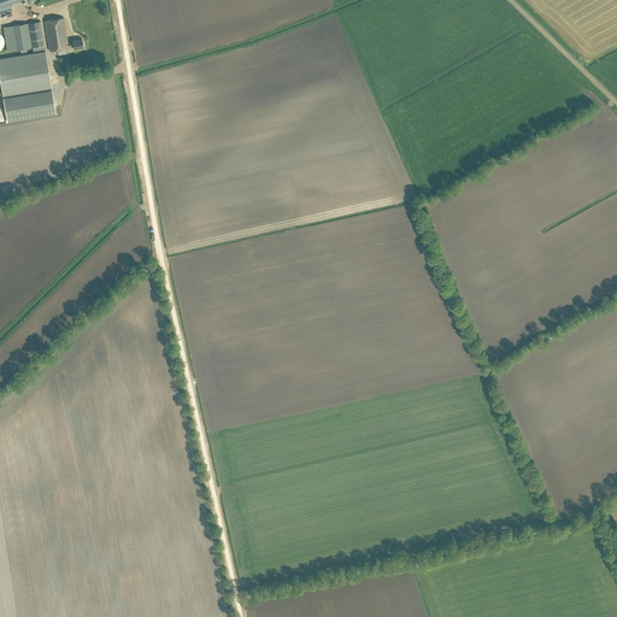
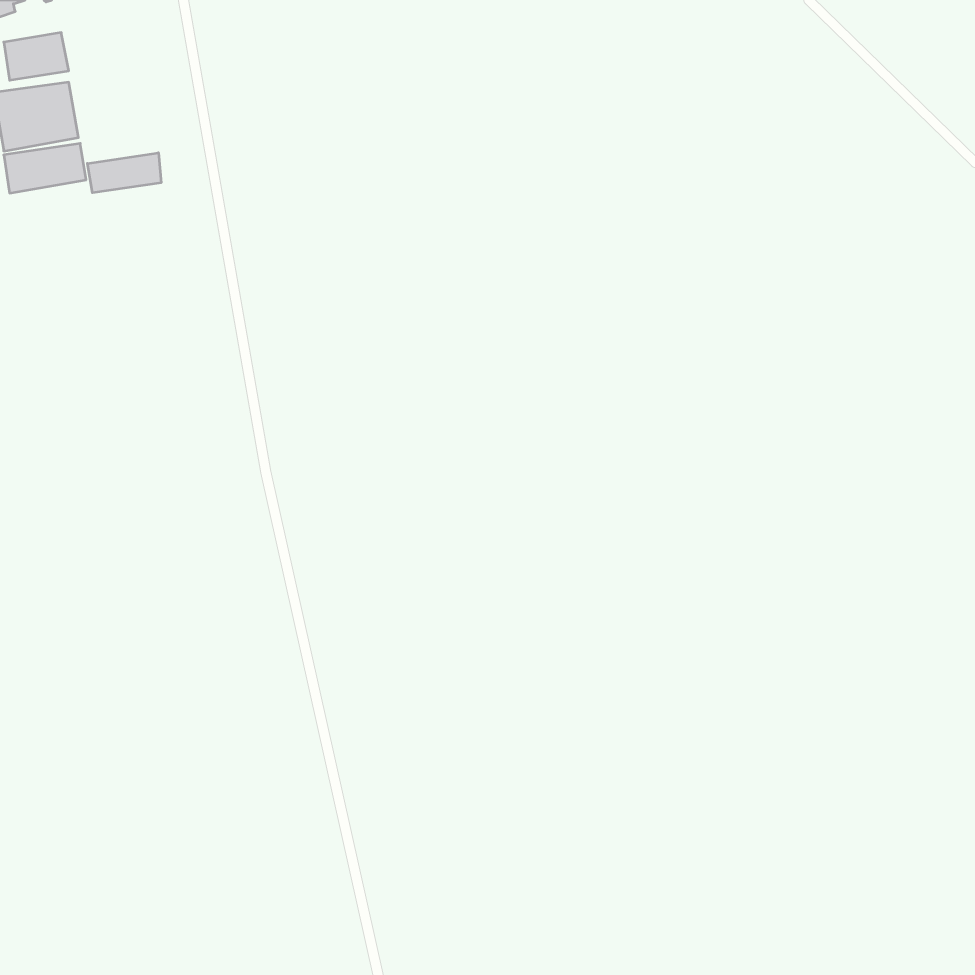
building: [43,18,82,52] -> none
building: none -> [87,153,161,193]

